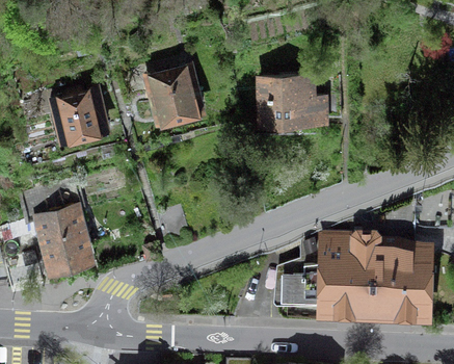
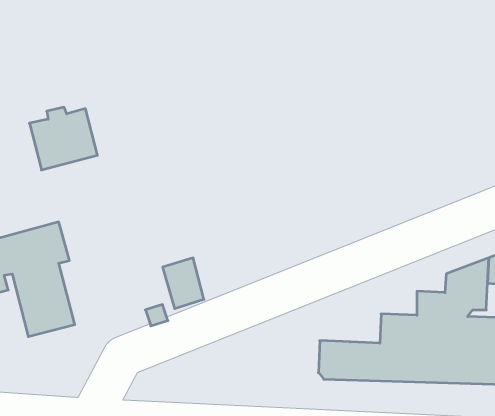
building: [150,69,203,122] -> none
building: [263,80,324,123] -> none
building: [305,223,358,276] -> none

